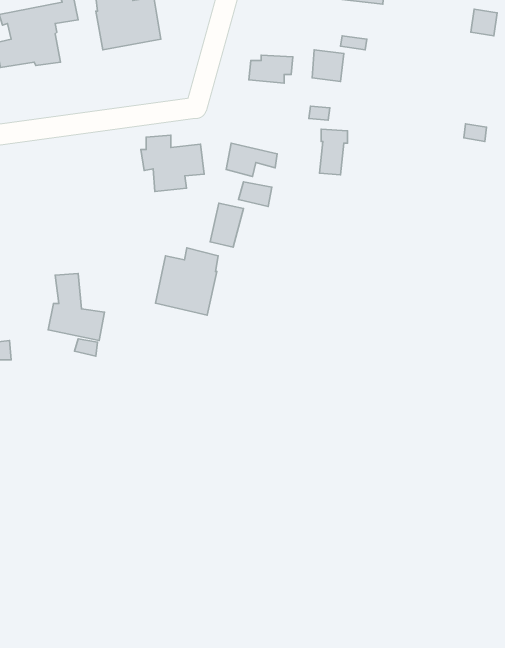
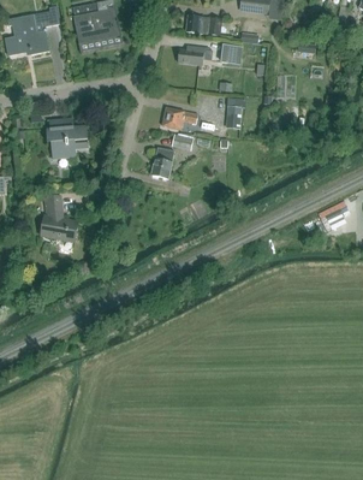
building: none -> [185,14,221,34]
building: [141,135,204,192] -> [44,119,88,158]
building: [155,248,218,315] -> none

